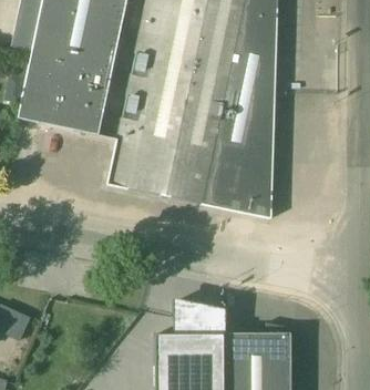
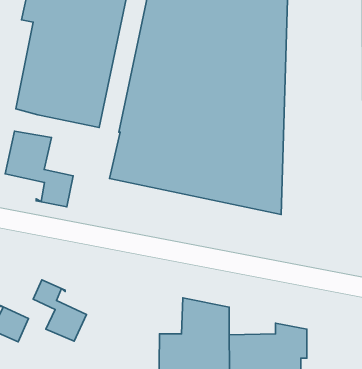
building: none -> [5,131,73,207]
building: none -> [33,280,87,341]

